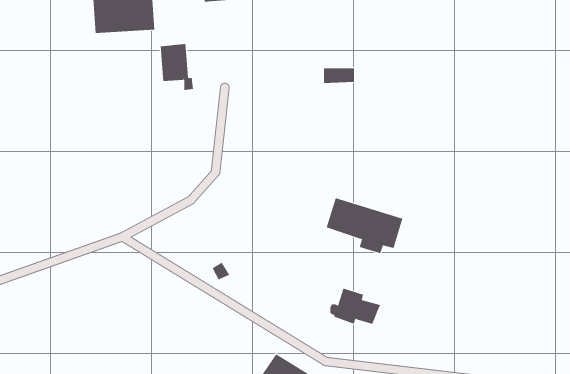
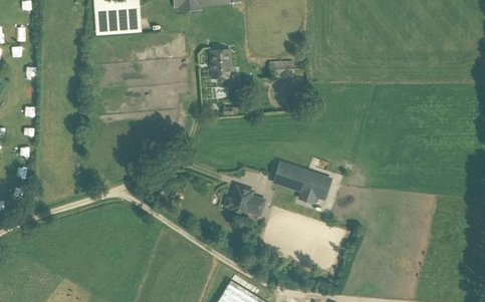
building: [160,43,194,91] -> [210,49,236,85]
building: [330,288,381,325] -> [226,187,265,215]

